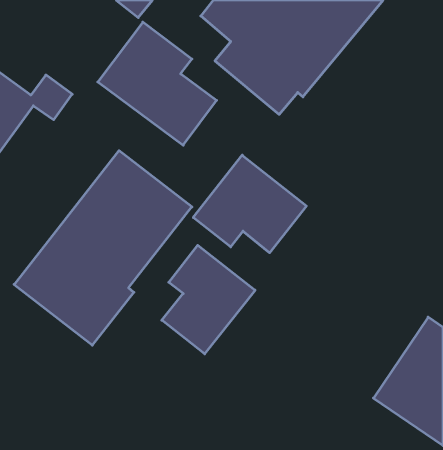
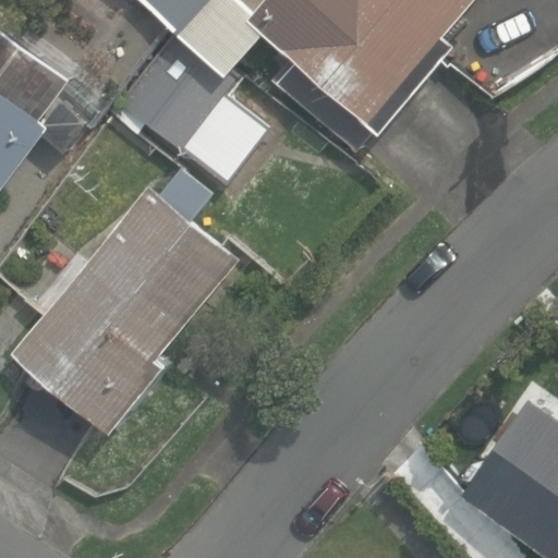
building: [193,155,306,253] -> none
building: [162,245,255,354] -> none

